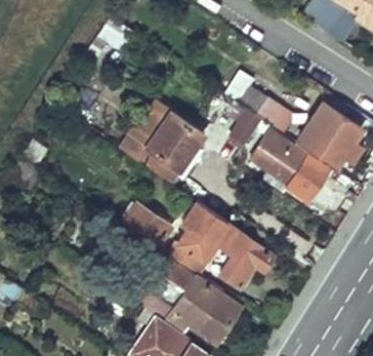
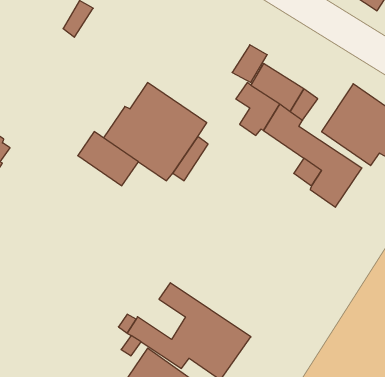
building: [168,202,276,290] -> none
building: [123,203,172,247] -> [78,132,138,186]

